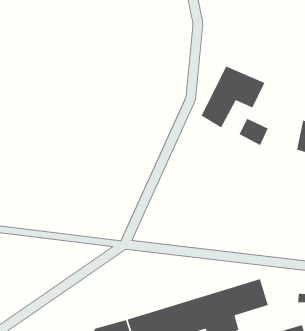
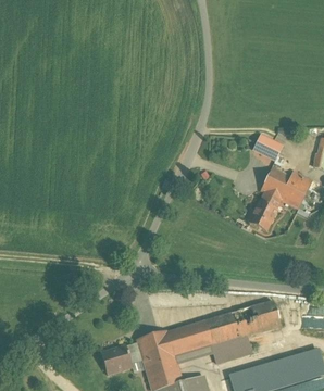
building: [201,66,265,128] -> [247,166,314,231]

